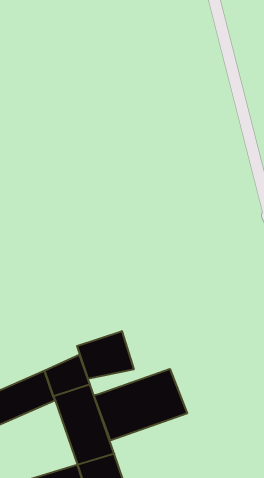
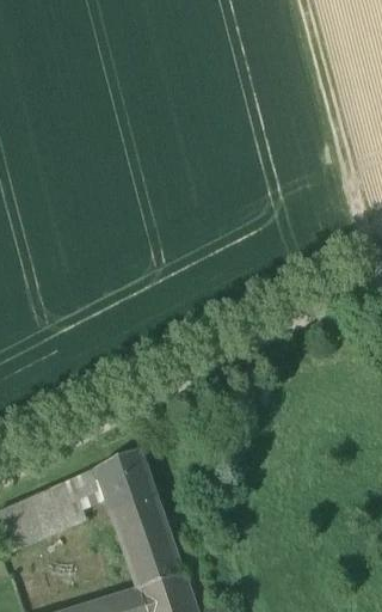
building: [77,331,134,379] -> none
building: [94,369,187,440] -> none

